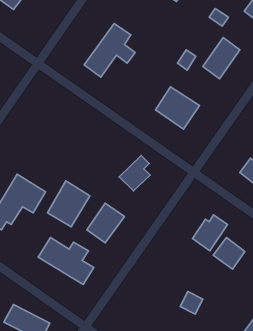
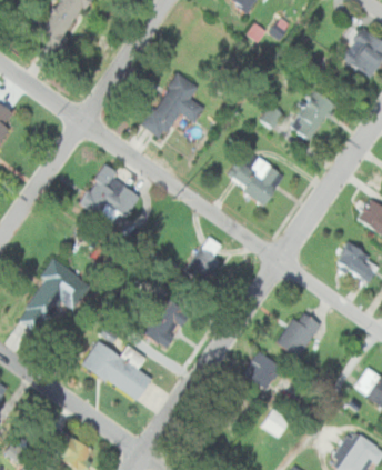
building: none -> [80,167,142,222]
building: [48,181,90,227] -> none
building: [213,237,245,269] -> [242,350,282,390]

